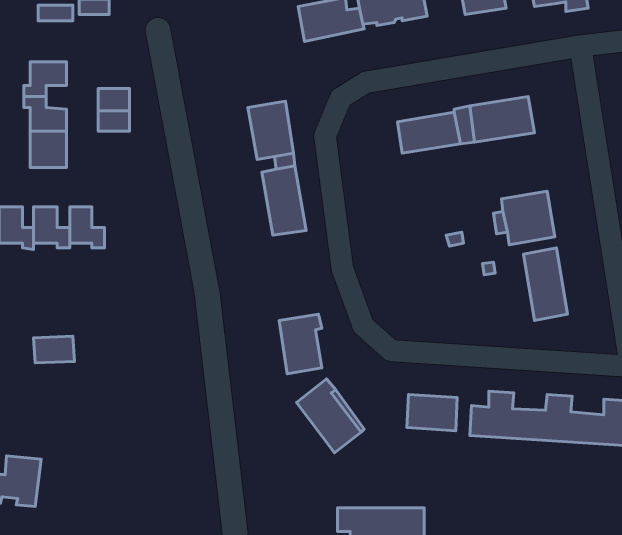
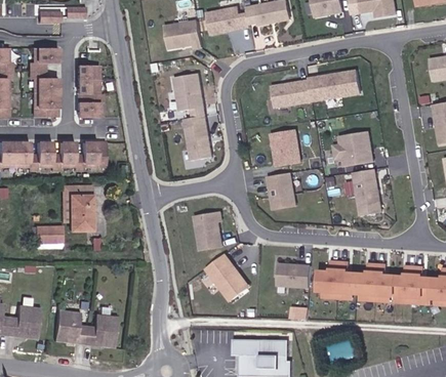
building: none -> [164,19,201,49]
building: none -> [76,93,99,118]
building: none -> [271,130,300,166]
building: none -> [80,142,104,166]
building: none -> [267,173,294,210]
building: none -> [60,185,90,232]
building: none -> [52,308,116,347]

